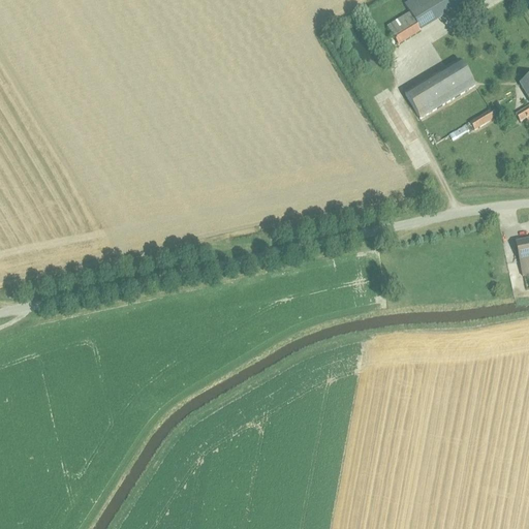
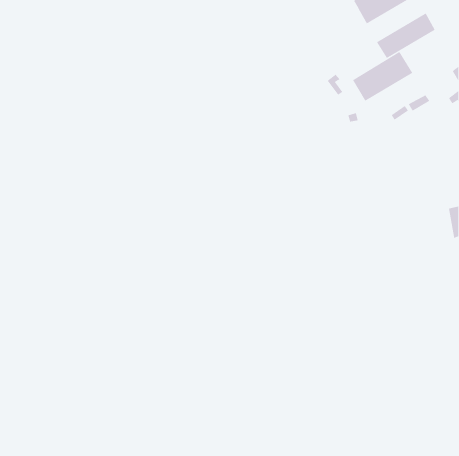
building: [387,9,422,42] -> none
building: none -> [376,12,436,59]

